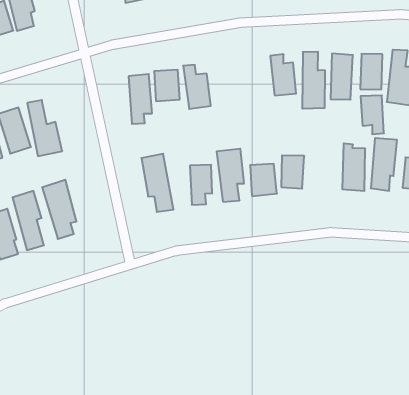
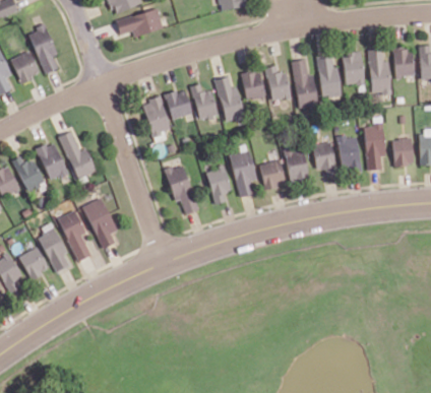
building: none -> [241,67,266,101]
building: none -> [216,74,245,122]
building: [361,95,384,134] -> [313,142,337,177]

